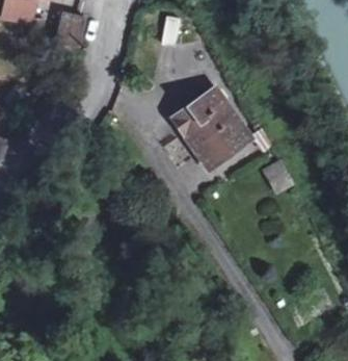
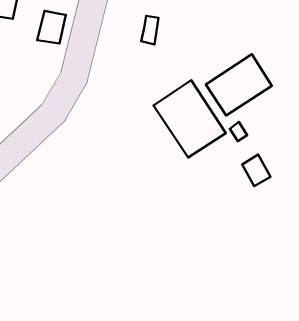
building: none -> [206,54,272,115]

